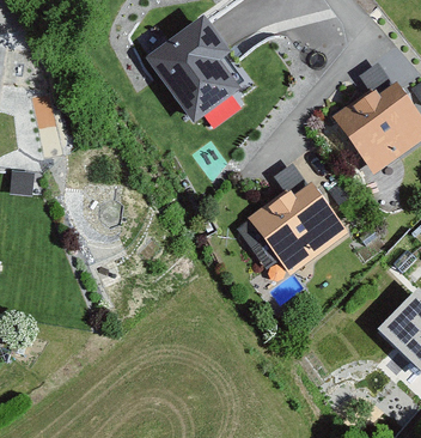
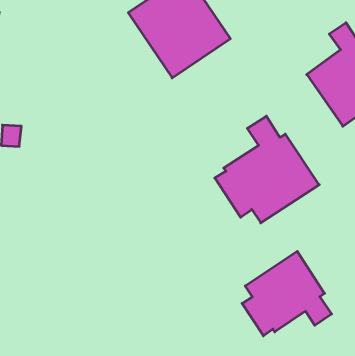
building: none -> [242,251,332,336]

